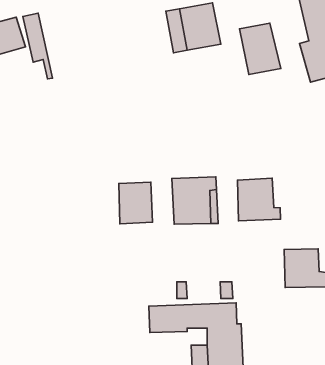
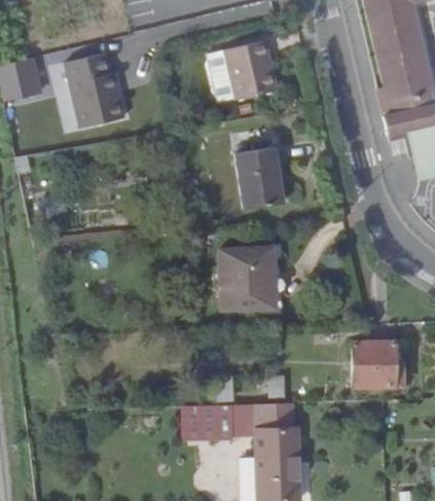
building: none -> [66,55,125,130]
building: [239,23,281,75] -> [228,146,279,209]
building: [238,178,280,221] -> none
building: [119,182,152,224] -> none

